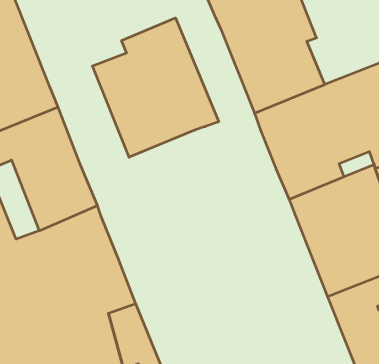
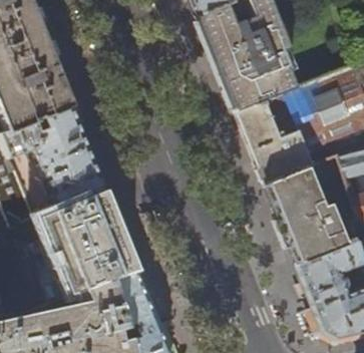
building: [92,18,219,157] -> none

